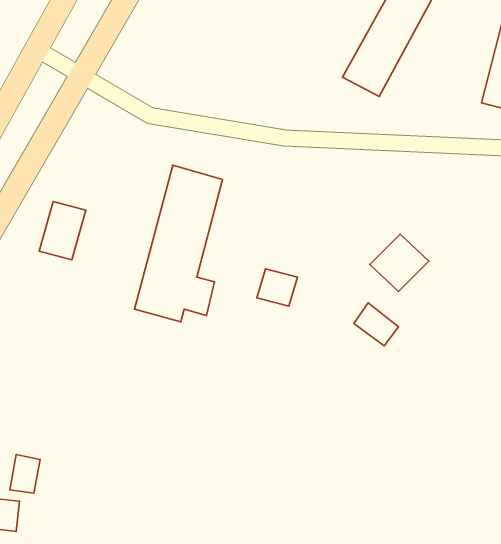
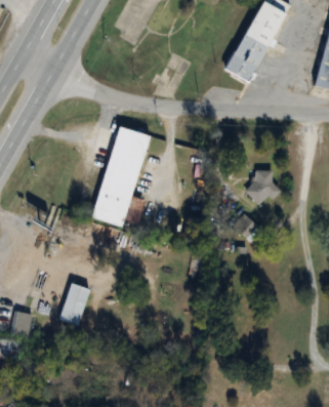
building: [39,202,86,260] -> none
building: [257,269,298,306] -> none
building: none -> [58,283,90,326]

